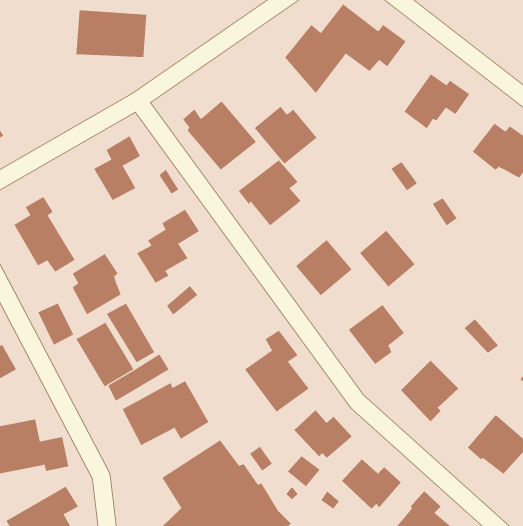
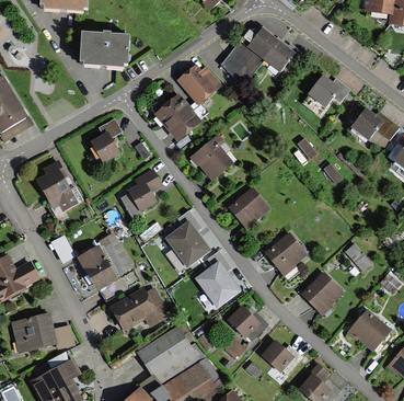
building: [254,106,317,165] -> [177,64,221,104]
building: [359,230,416,287] -> none
building: [72,253,121,315] -> none
building: none -> [164,209,210,267]

